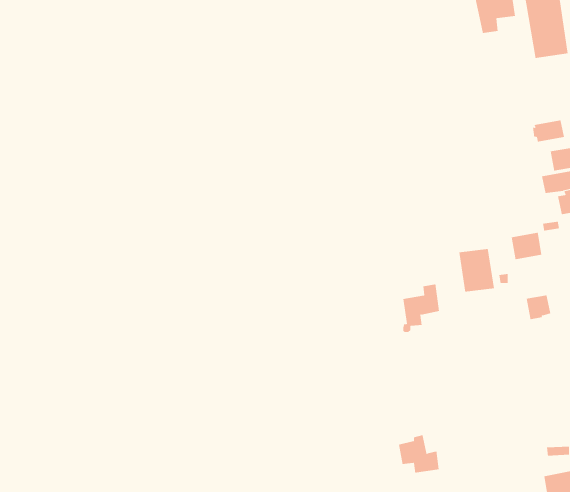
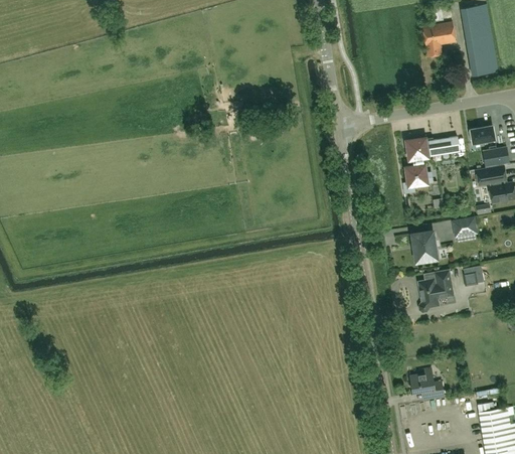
building: none -> [402,137,460,192]
building: [402,284,440,333] -> [420,272,451,311]
building: [398,435,440,473] -> [410,368,444,400]

